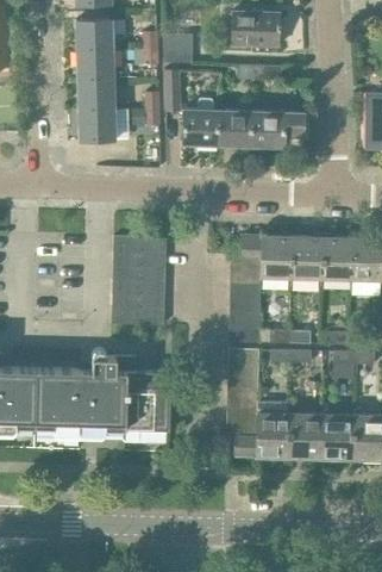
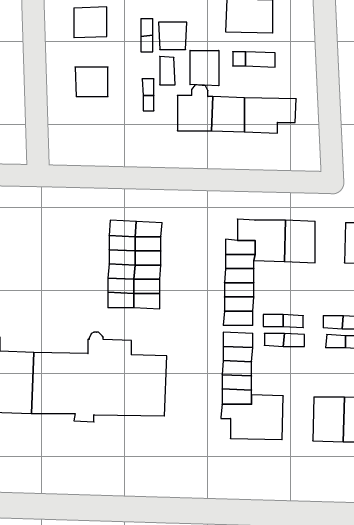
building: [79,49,113,80] -> none
building: none -> [190,50,219,86]
building: [81,110,114,141] -> none
building: [322,236,353,278] -> none
building: [289,412,321,458] -> none

